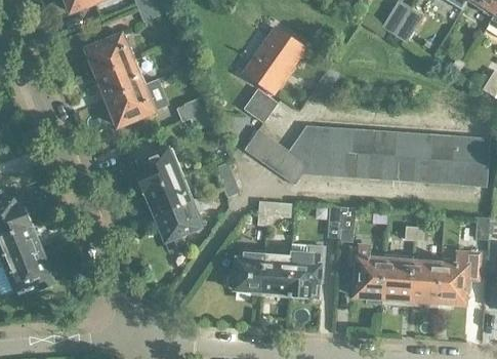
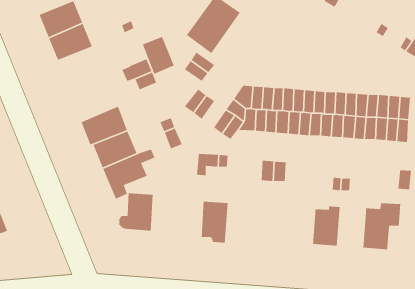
building: none -> [142,36,175,75]
building: [107,84,156,125] -> none
building: [288,245,324,297] -> none
building: [354,246,384,297] -> none
building: [225,248,263,290] -> [118,192,154,231]
building: [409,256,439,302] -> none

